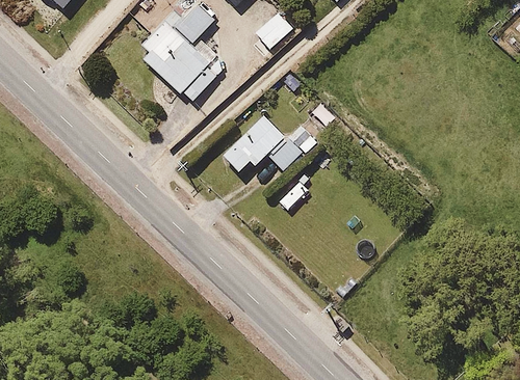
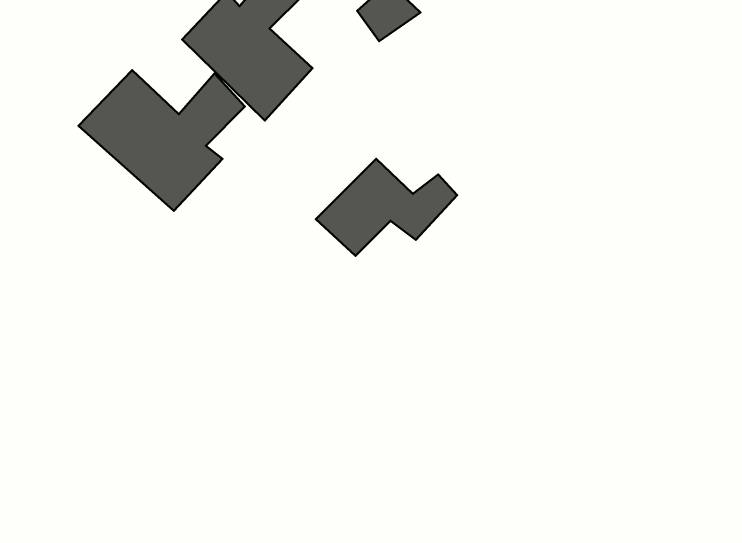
building: none -> [78,70,245,211]

